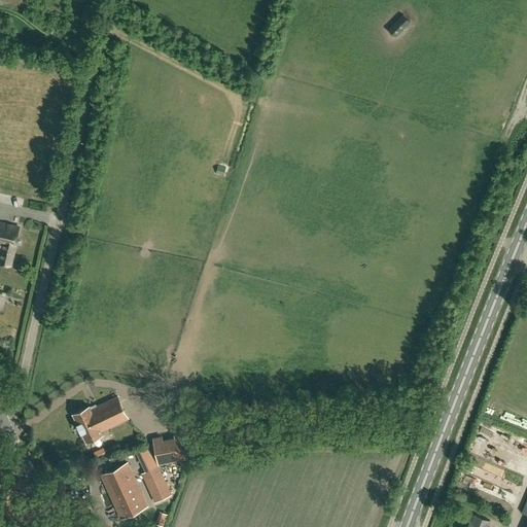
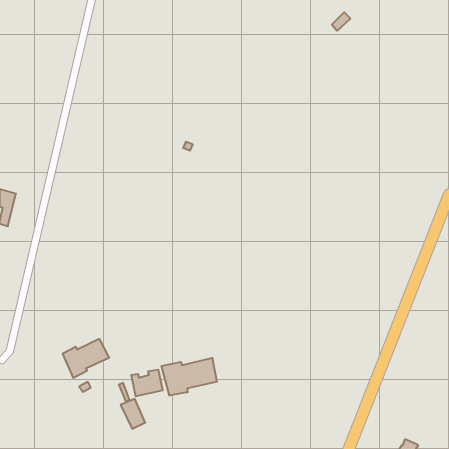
building: none -> [162,358,217,396]
building: [101,463,146,519] -> none

